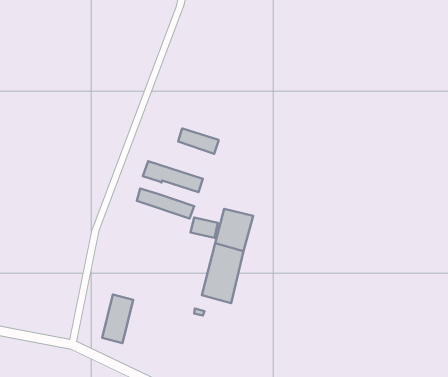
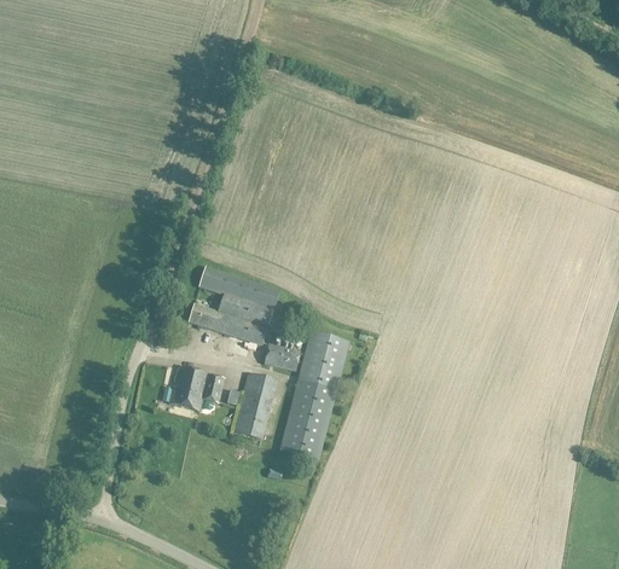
building: [178,128,219,154] -> [219,292,274,327]
building: none -> [169,366,224,410]
building: [102,295,133,343] -> [233,372,276,439]

